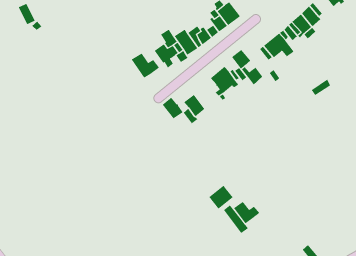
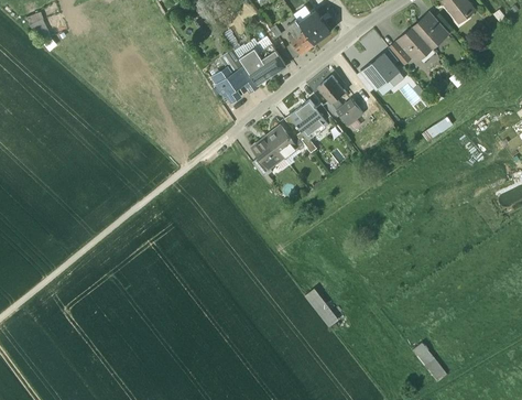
building: [131,53,160,78] -> none
building: [162,97,184,119] -> [267,127,296,158]
building: [208,185,233,210] -> none
building: [233,201,260,224] -> none

